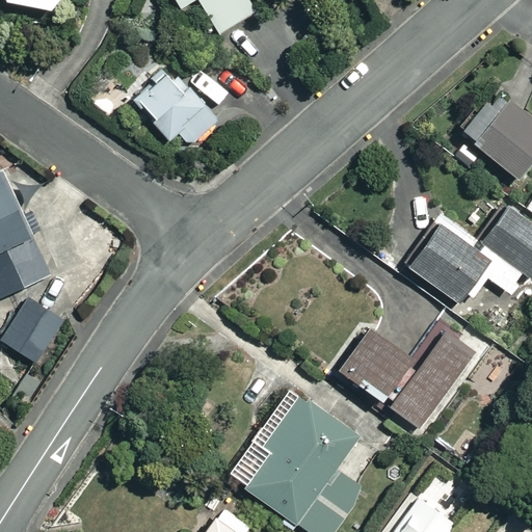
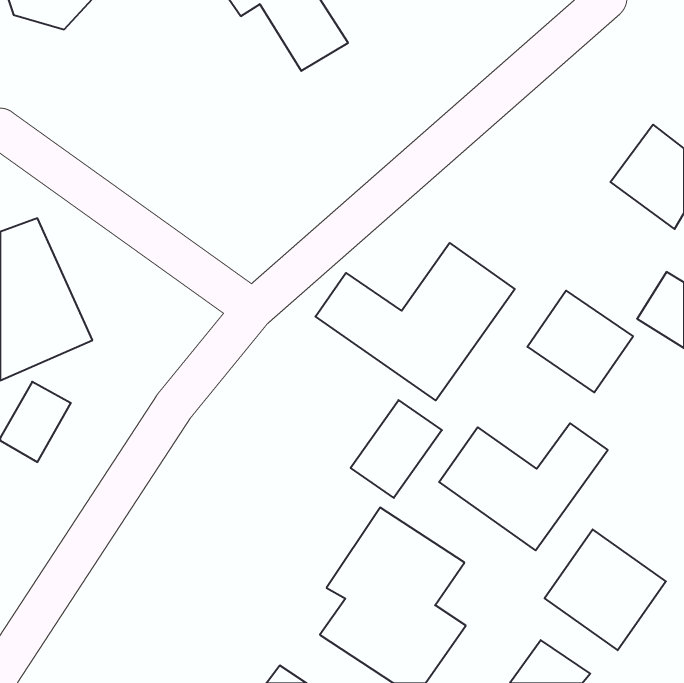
building: [138,65,224,153] -> none
building: none -> [315,243,515,400]
building: none -> [351,400,442,498]
building: none -> [545,529,666,650]

